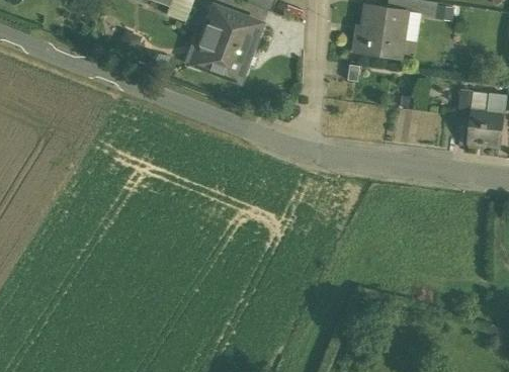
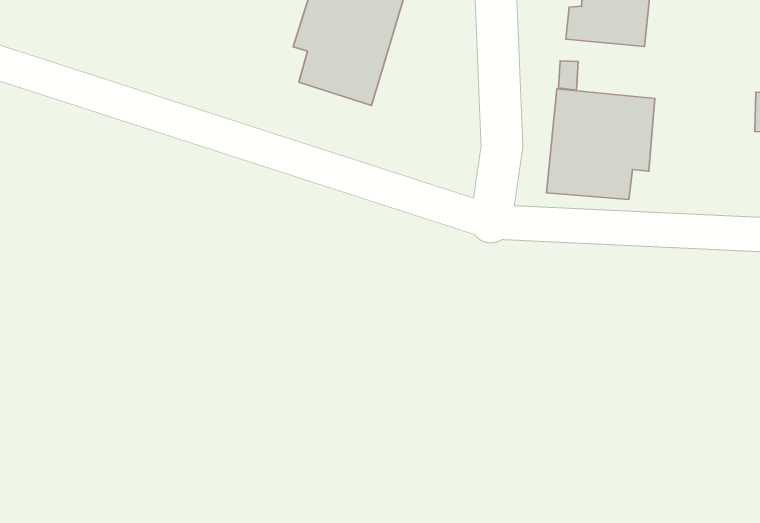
building: none -> [546,89,655,199]

